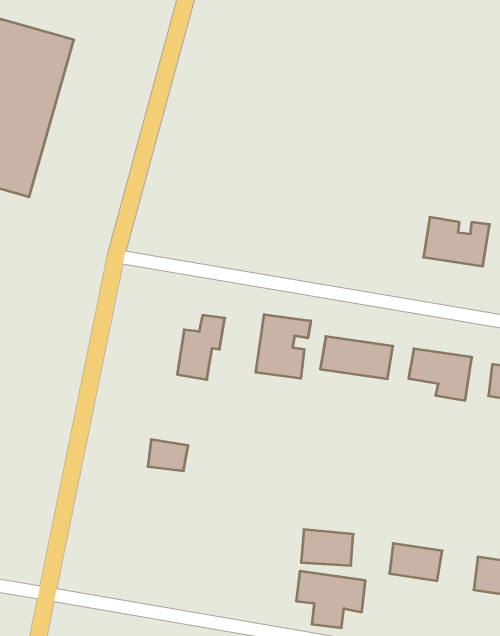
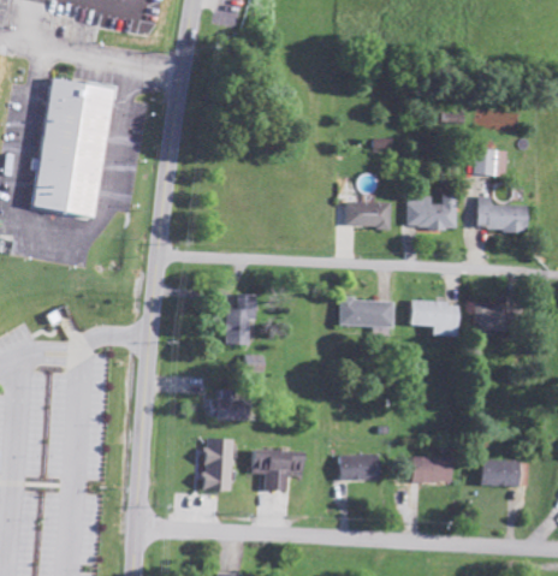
building: none -> [348,200,394,226]
building: [256,314,311,378] -> none
building: none -> [202,437,235,491]
building: [296,571,365,628] -> [251,449,304,489]

